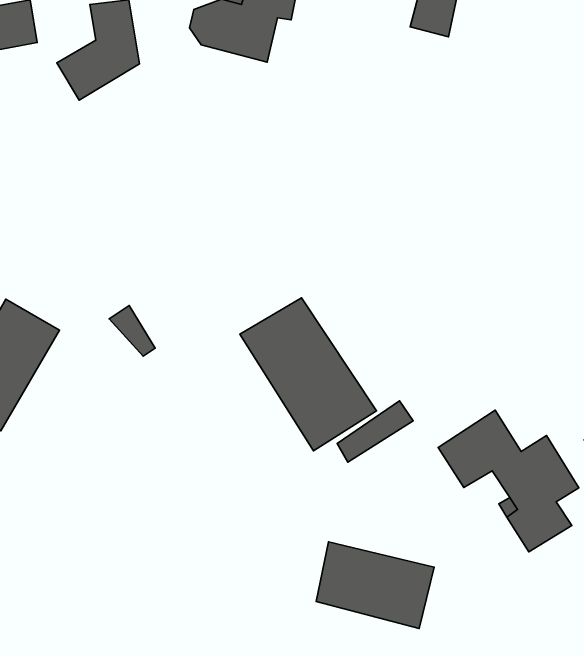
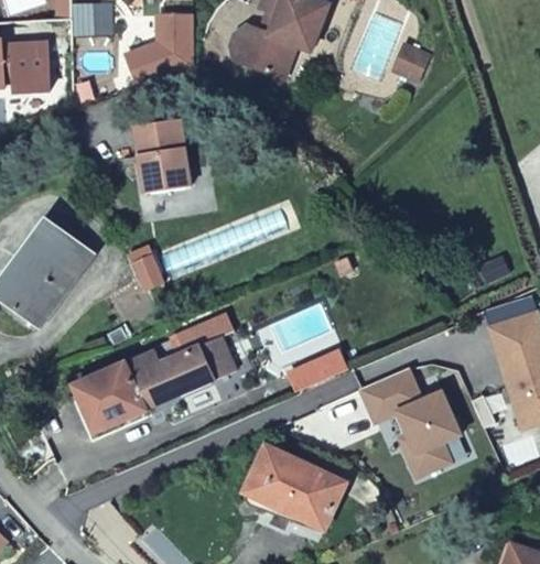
building: none -> [131,117,191,192]
building: [240,298,376,451] -> none
building: none -> [74,333,236,435]

